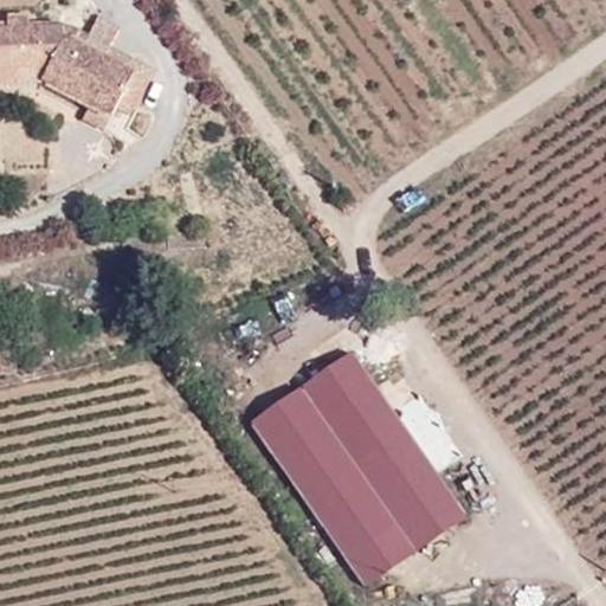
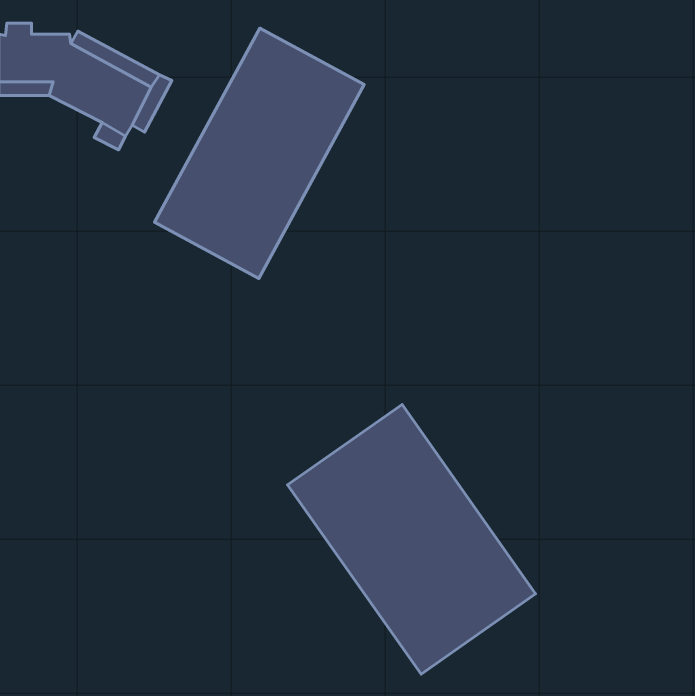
building: none -> [155,28,364,278]

